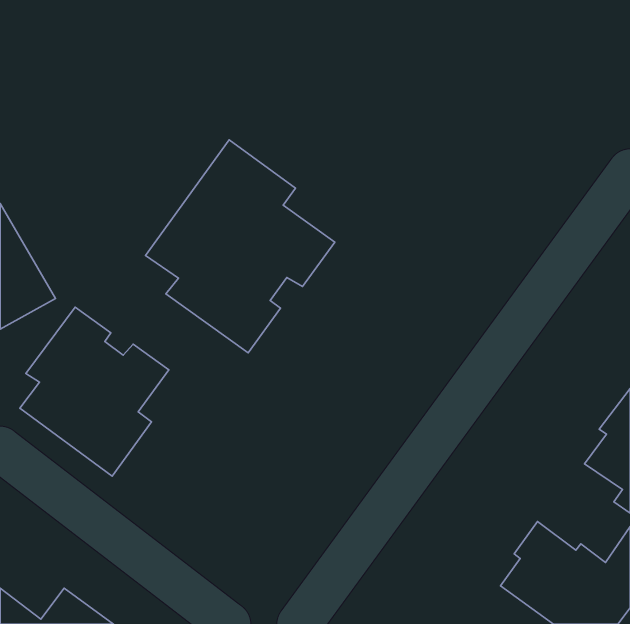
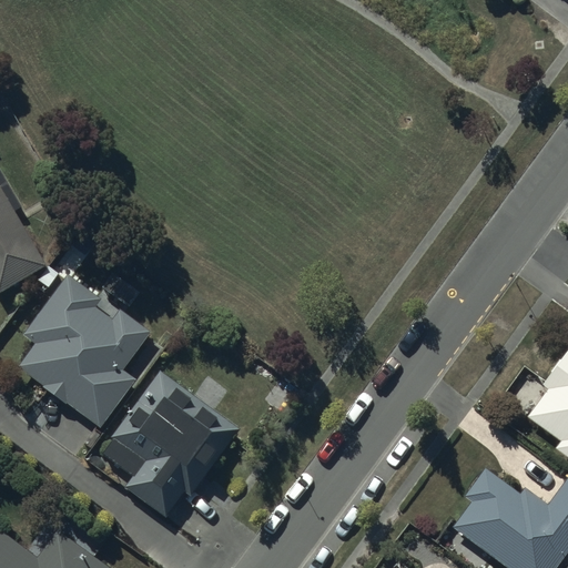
building: [146,140,335,353] -> none
building: none -> [102,371,241,518]

